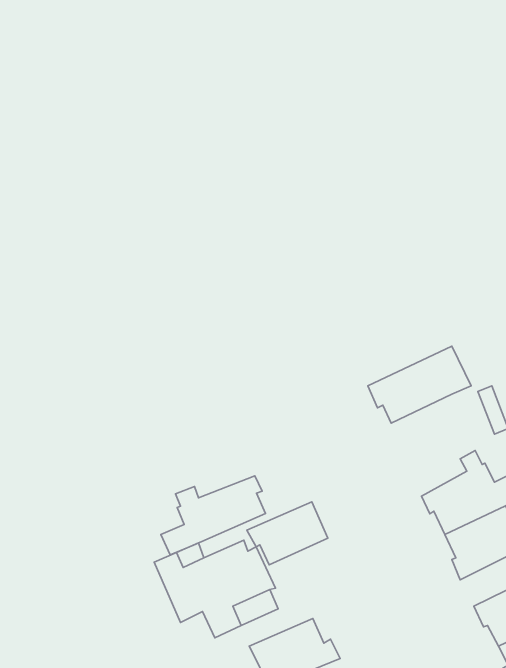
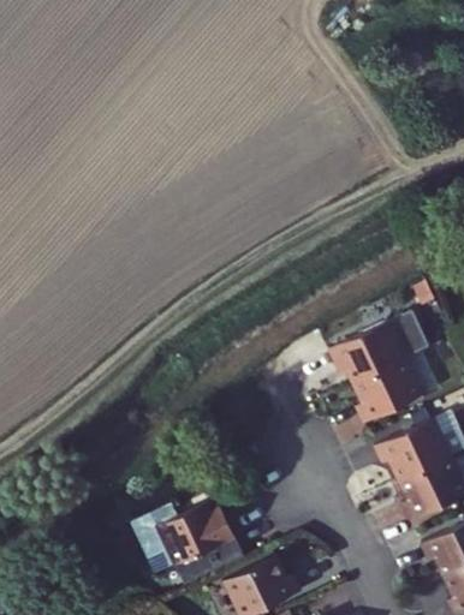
building: none -> [352,359,424,424]
building: [161,476,266,555] -> none
building: [247,502,328,565] -> none

